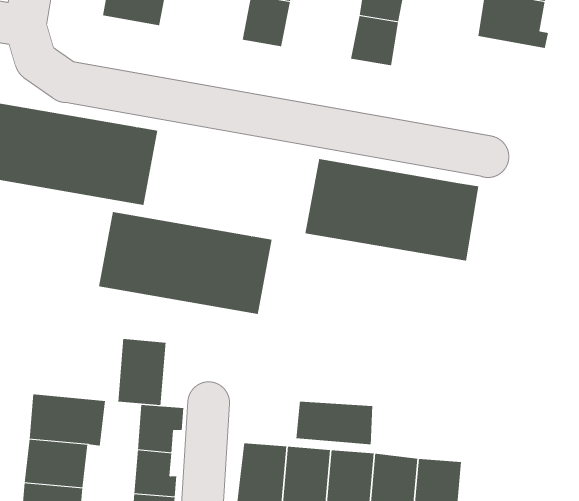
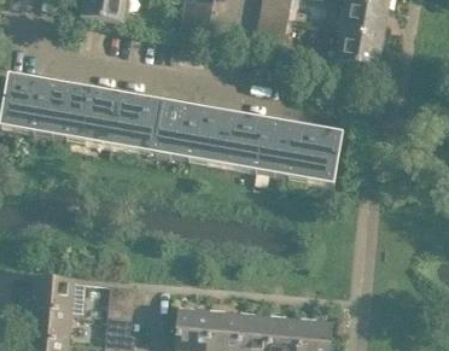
building: none -> [320,28,387,65]
building: [98,211,273,314] -> [110,93,231,164]
building: [118,338,166,406] -> none
building: [296,401,373,445] -> none

